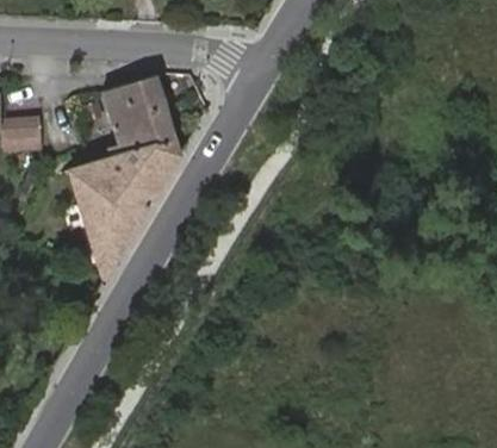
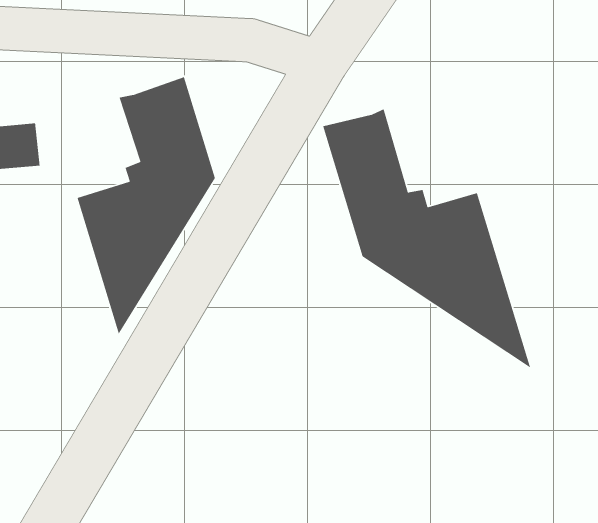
building: none -> [322,108,531,369]

